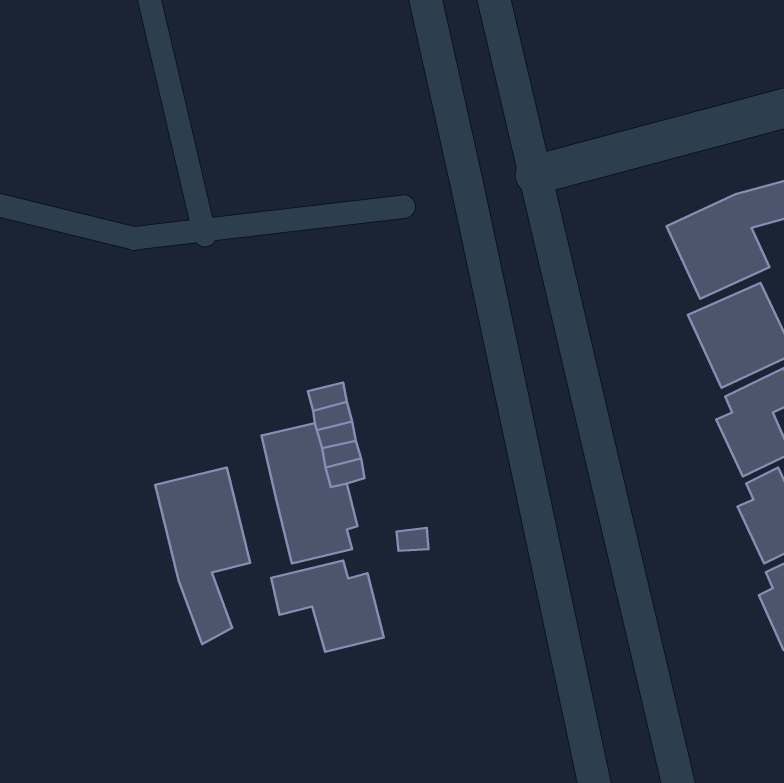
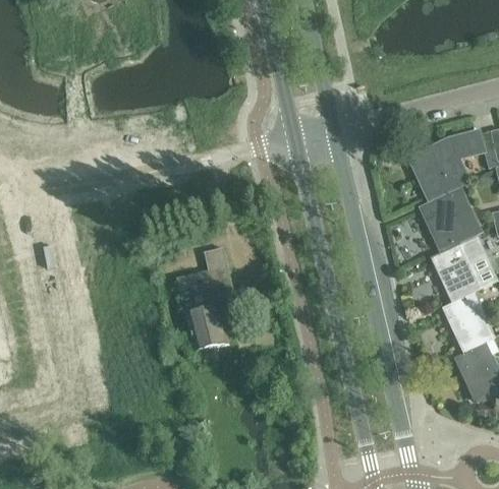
building: [155,468,250,644] -> none
building: [271,561,384,652] -> none

